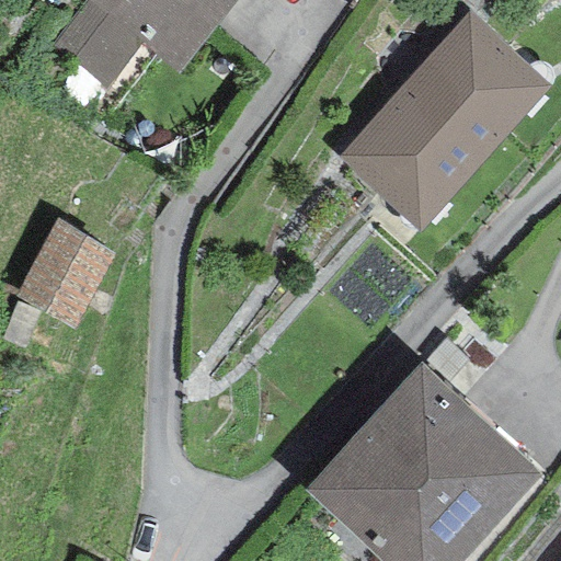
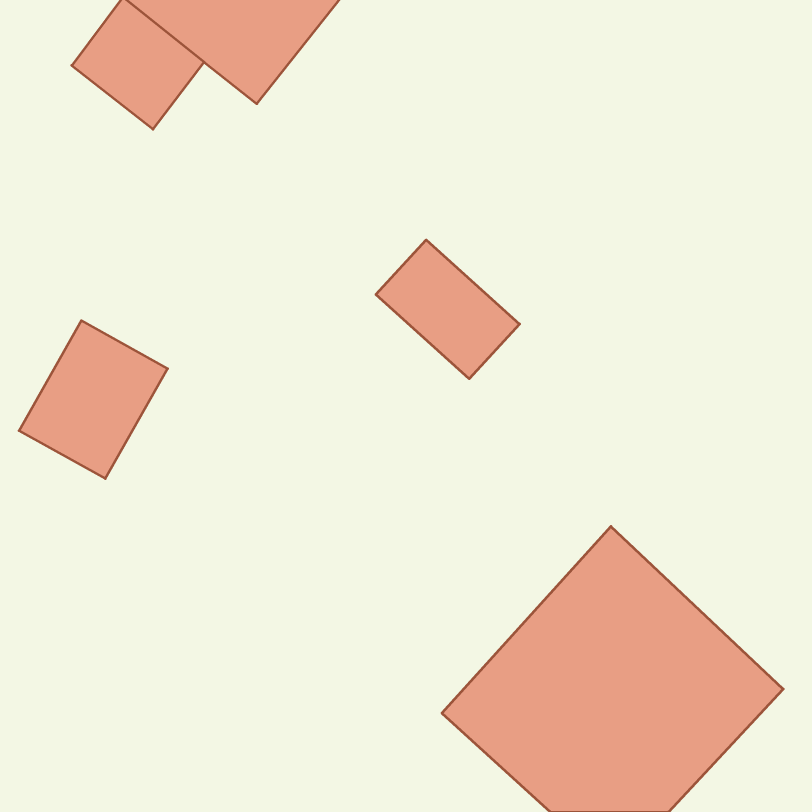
building: [340,10,550,230] -> none
building: none -> [376,240,520,379]

